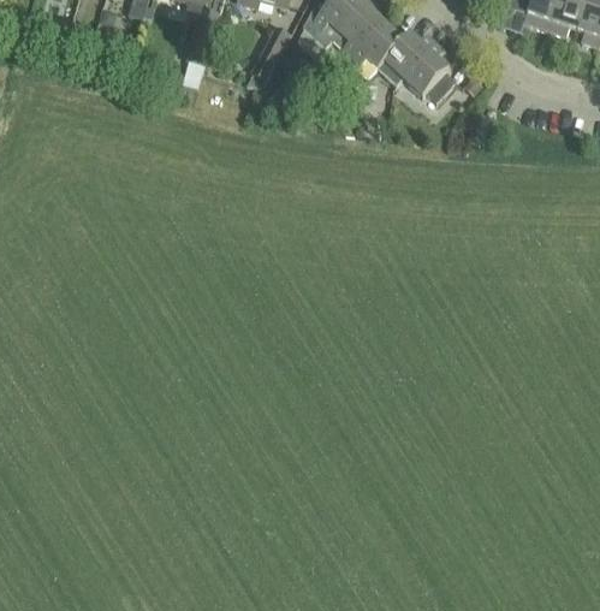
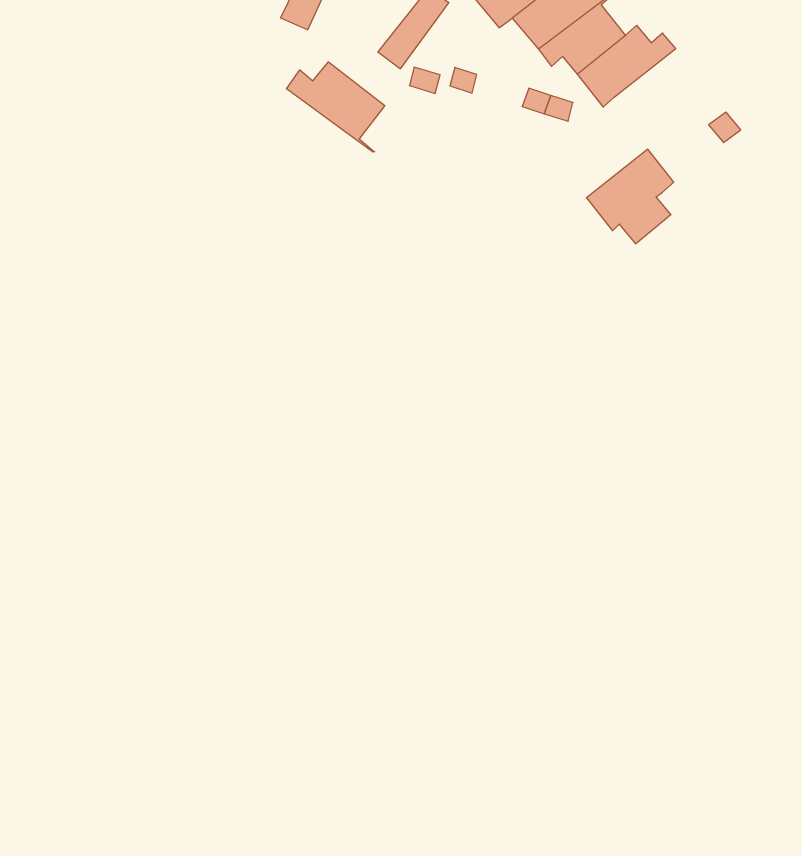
building: [402,42,456,102] -> [586,149,674,244]
building: none -> [286,62,385,152]

